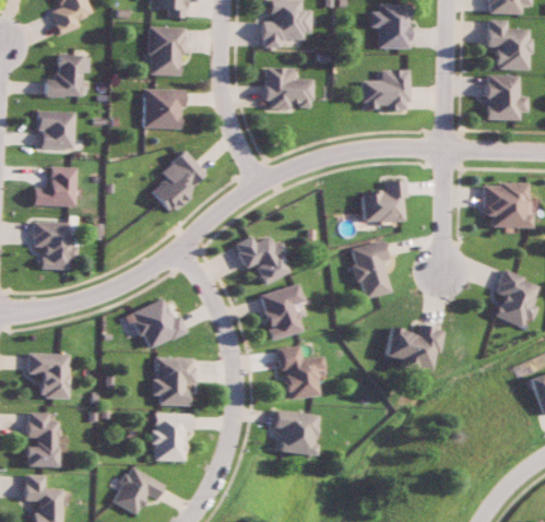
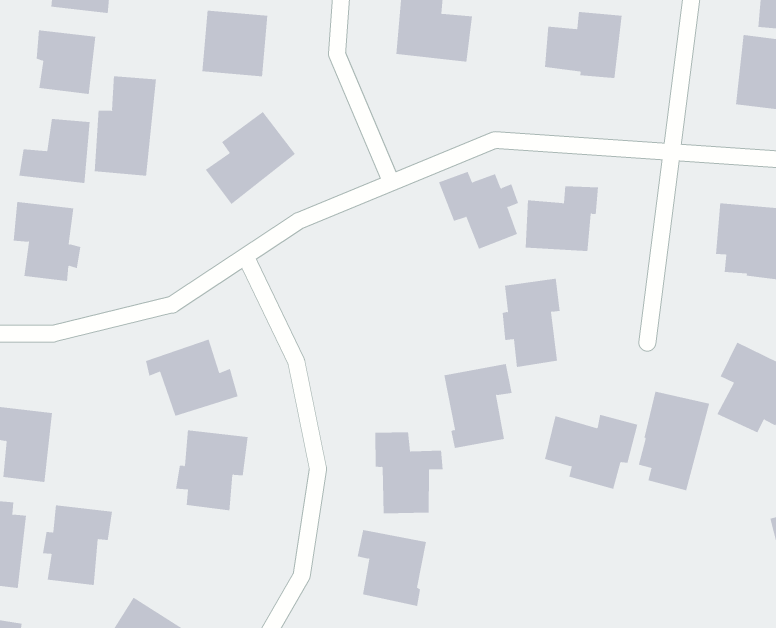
building: none -> [94,76,156,176]
building: [232,236,285,285] -> [438,171,519,250]
building: [256,284,300,341] -> [443,364,512,448]
building: none -> [638,391,710,491]
building: [149,413,191,462] -> [42,505,113,586]

